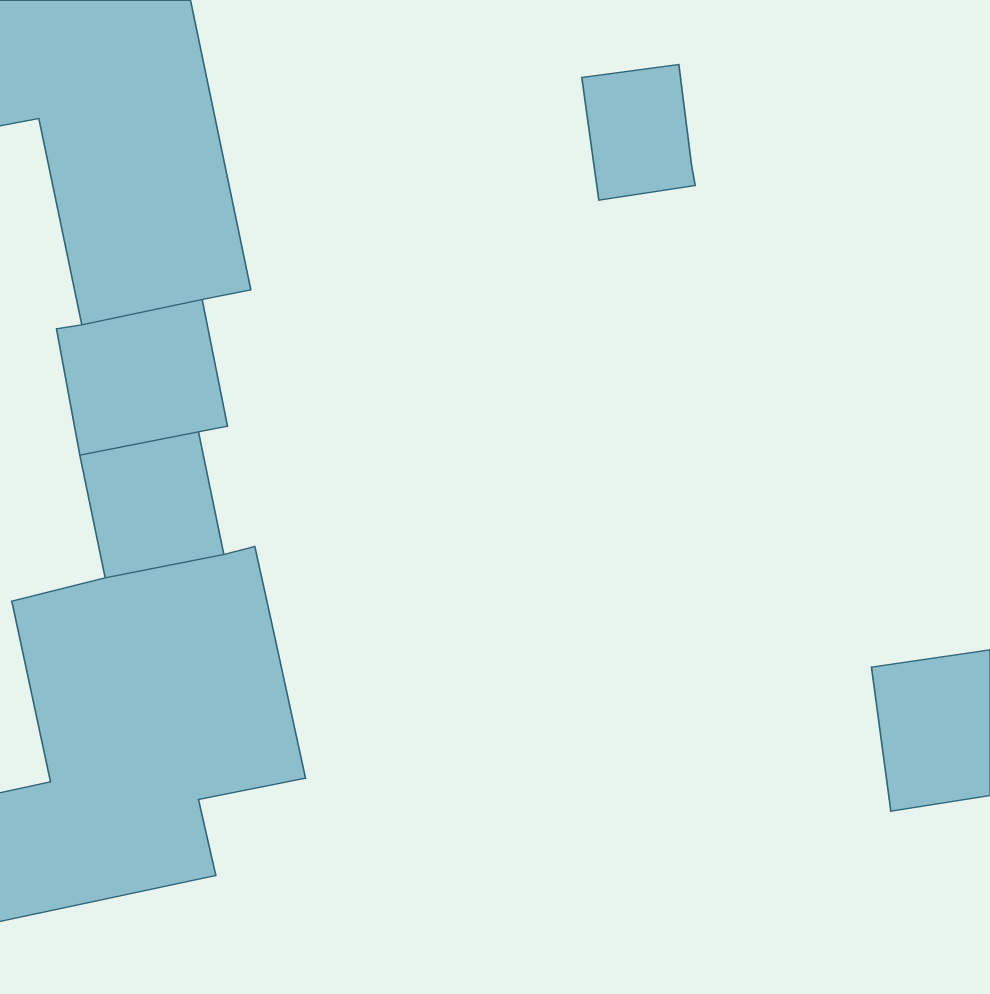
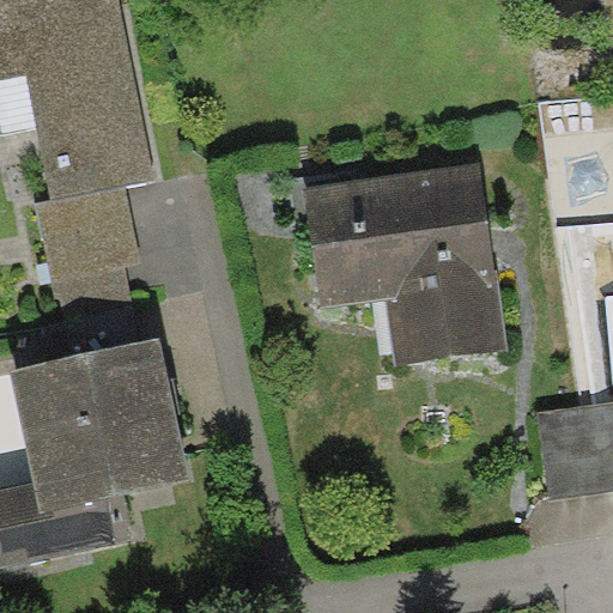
building: [582,64,695,200] -> none
building: none -> [301,163,506,365]

